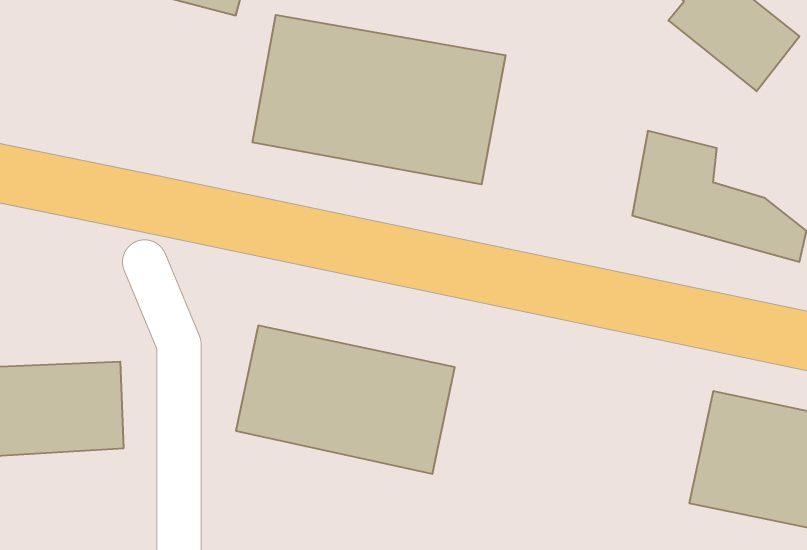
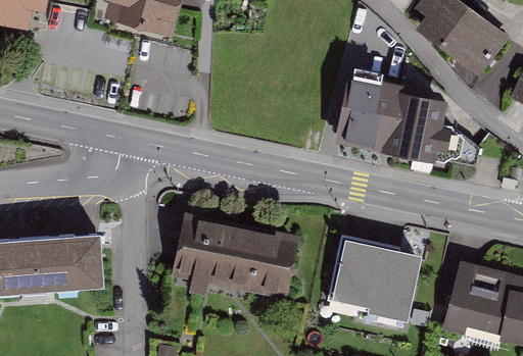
building: [253,15,505,184] -> none
building: none -> [344,77,414,153]
building: none -> [341,234,413,317]

